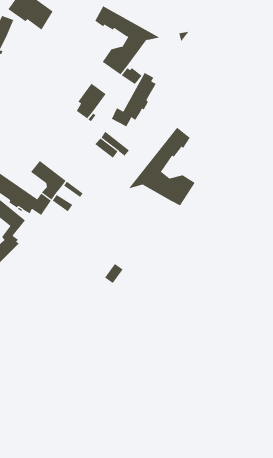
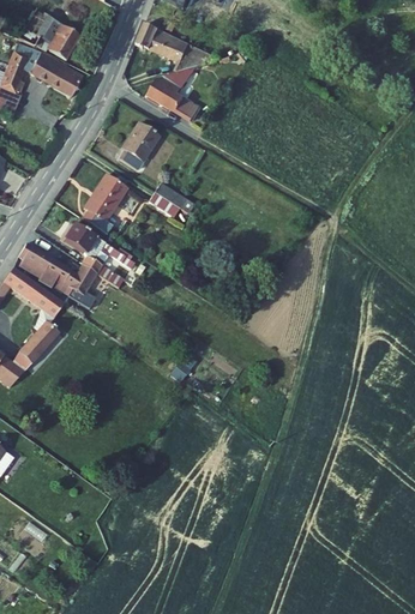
building: none -> [26,48,84,95]
building: [111,72,156,127] -> none
building: none -> [84,173,125,235]
building: [128,127,195,206] -> none

